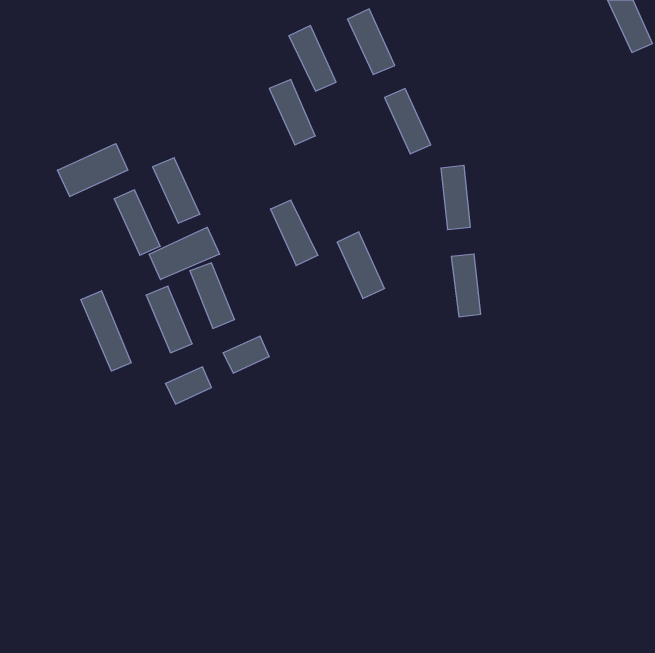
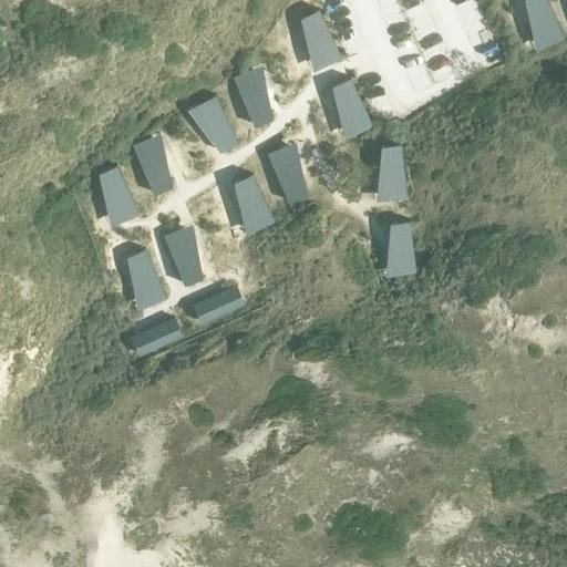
building: [289,26,336,91] -> [197,96,238,153]
building: [57,144,128,197] -> none
building: [149,227,220,280] -> none
building: [337,232,385,299] -> [267,146,308,204]
building: [81,291,131,371] -> none

